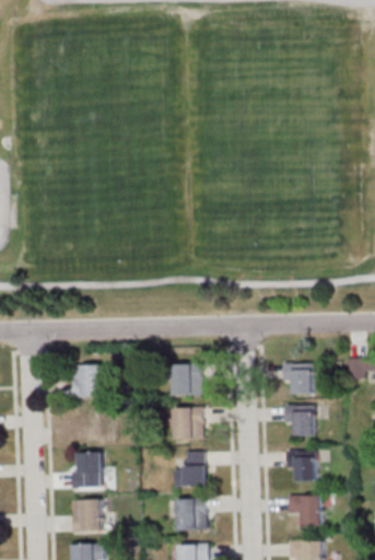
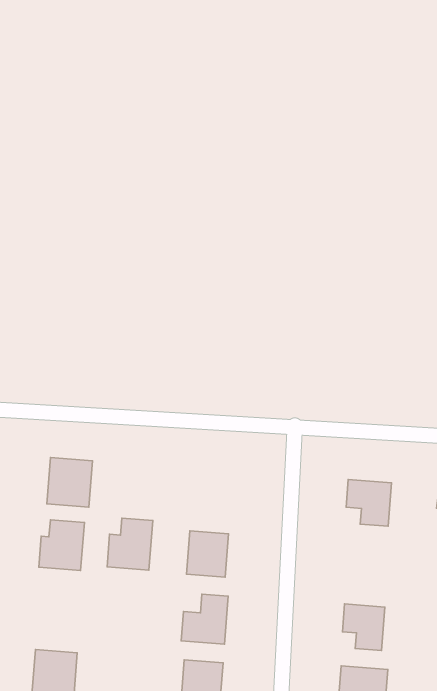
building: [174,364,201,395] -> none
building: [284,406,313,436] -> none
building: [72,453,102,488] -> [107,518,153,570]

